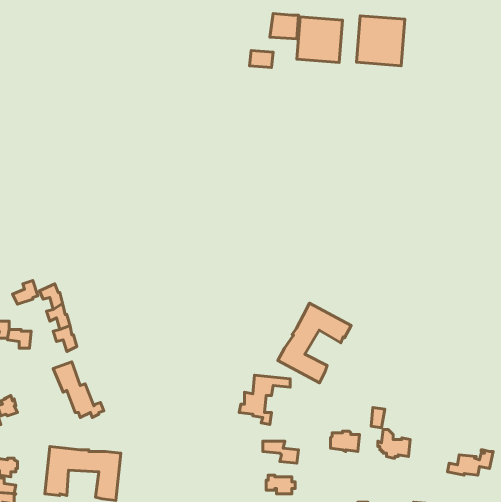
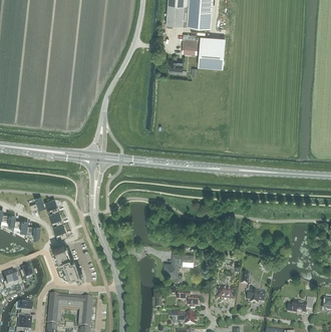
building: [357,16,405,66] -> none
building: [278,303,351,383] -> none

